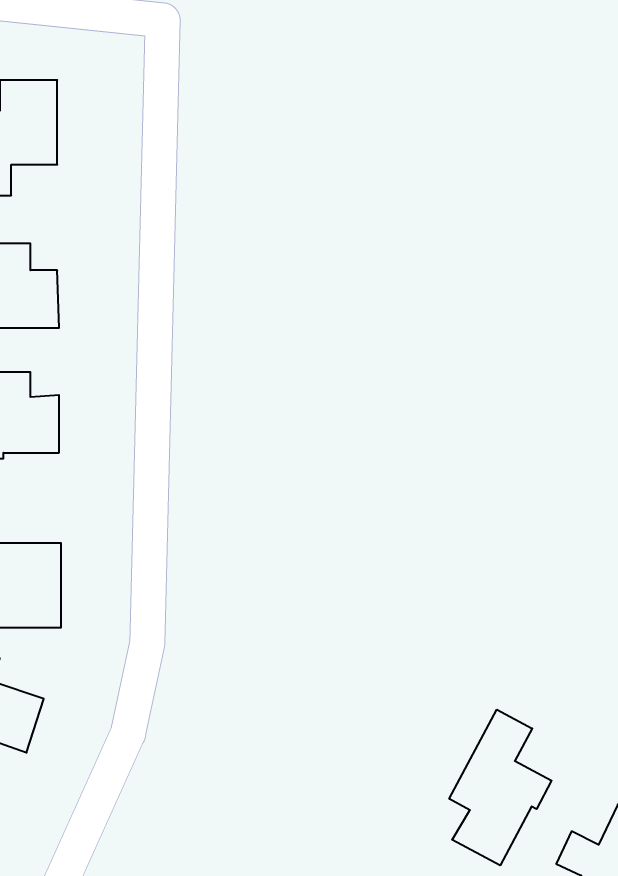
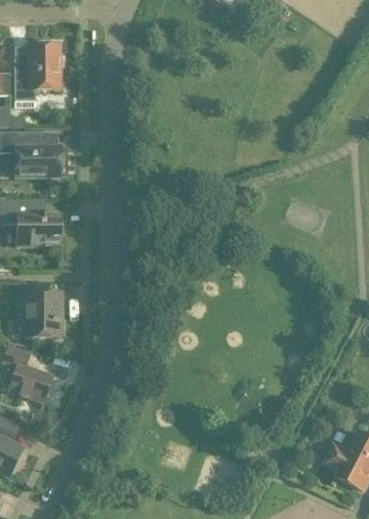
building: [449,710,552,865] -> none

